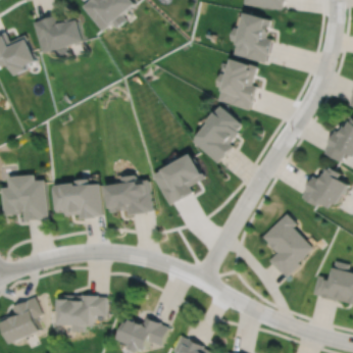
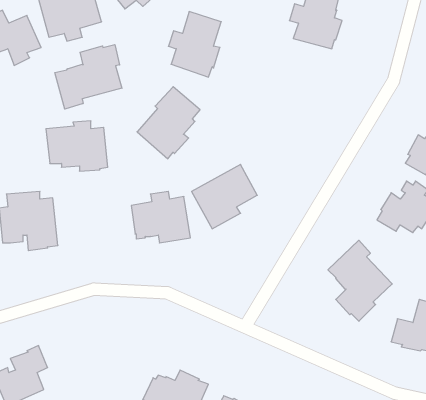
building: [216,58,258,110] -> [168,12,221,77]
building: none -> [55,45,122,109]
building: [192,106,242,163] -> [137,87,200,159]
building: [52,180,101,219] -> [46,121,108,171]
building: [55,296,104,333] -> none

